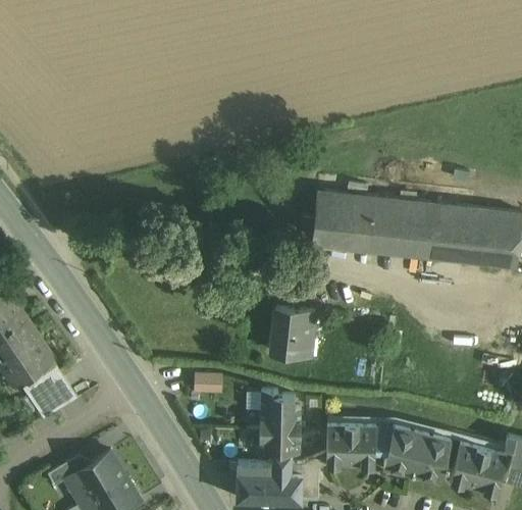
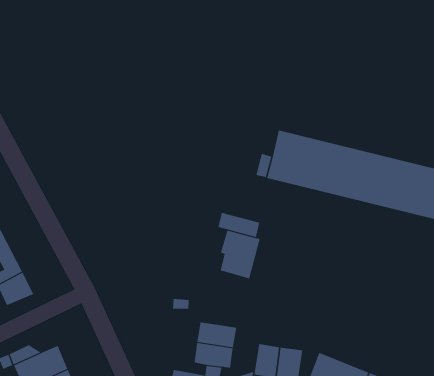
building: none -> [218,212,260,238]
building: [196,372,225,393] -> none
building: [260,391,294,409] -> none

